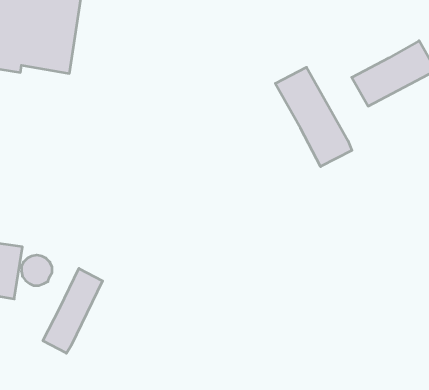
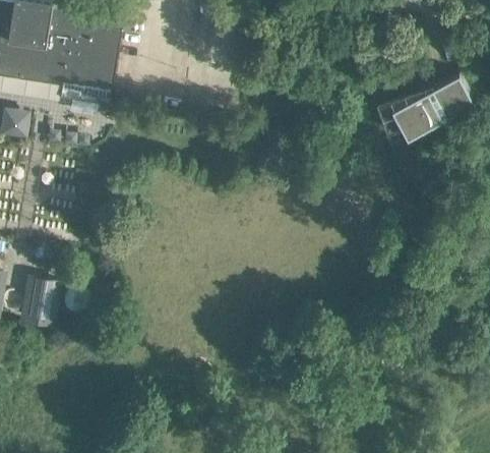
building: [275,67,352,167] -> none
building: [43,268,103,353] -> none

